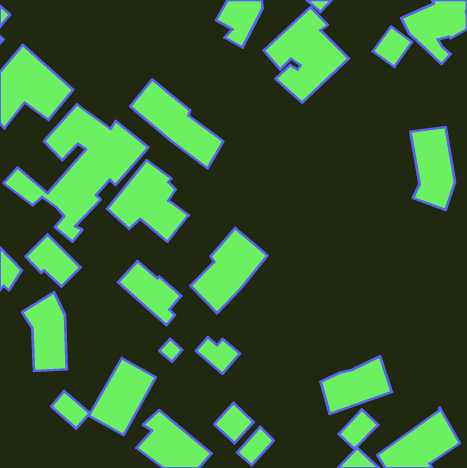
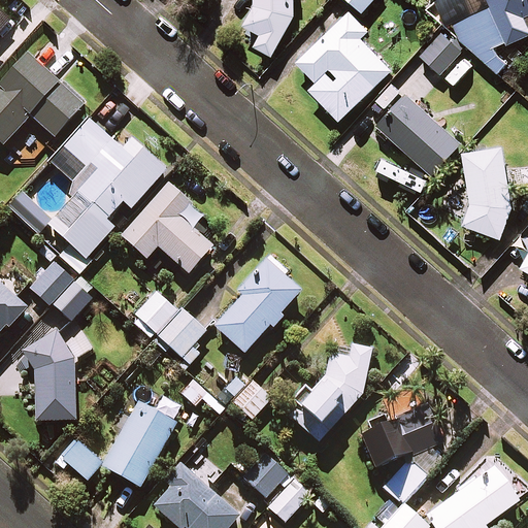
building: [130,80,223,168] -> none
building: none -> [376,91,462,172]
building: none -> [290,343,369,438]

